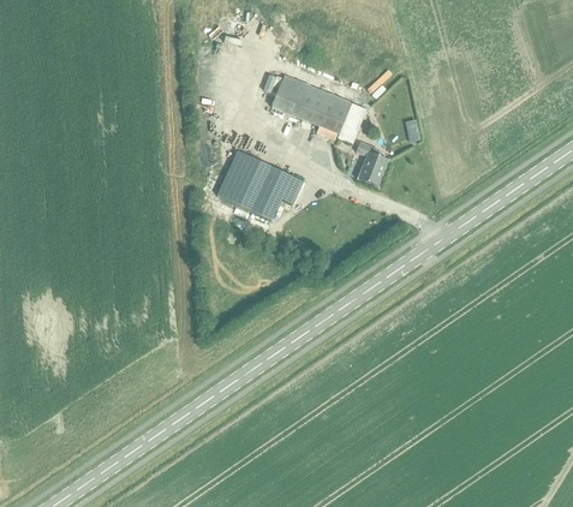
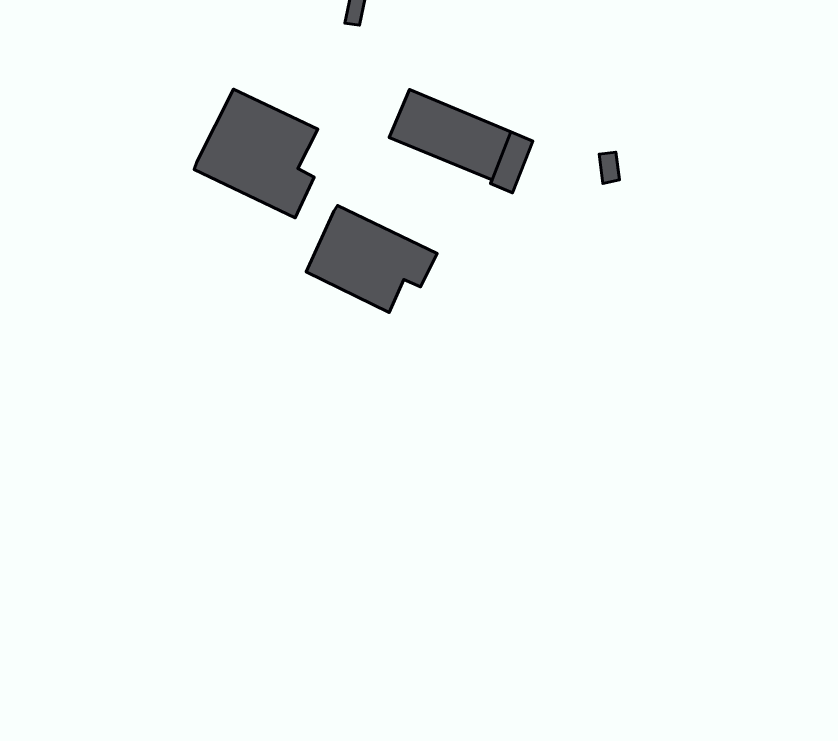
building: none -> [194,89,318,218]
building: [354,139,387,186] -> none

